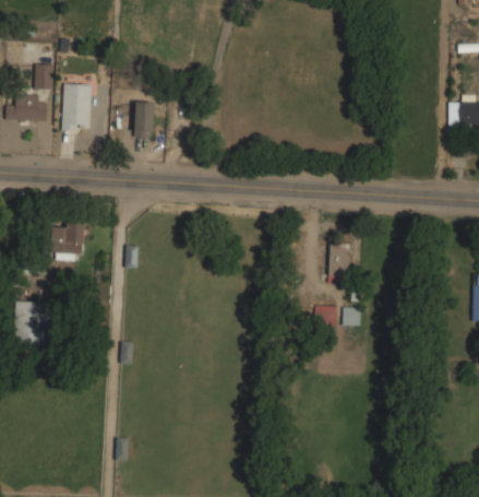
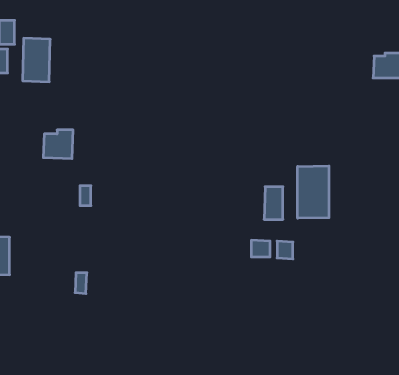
building: [133,102,153,138] -> none
building: [50,223,83,255] -> [43,130,73,159]
building: none -> [298,166,329,218]

